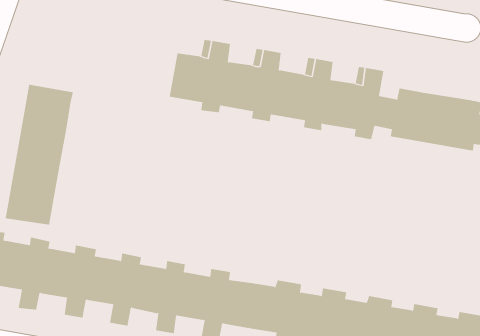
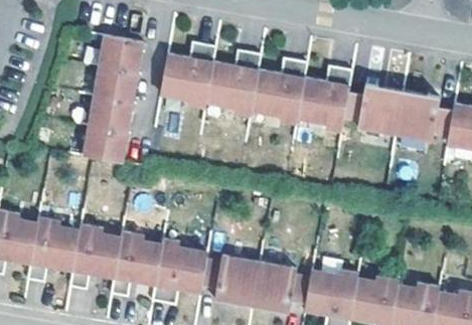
building: [5,84,74,225] -> [82,35,143,161]

